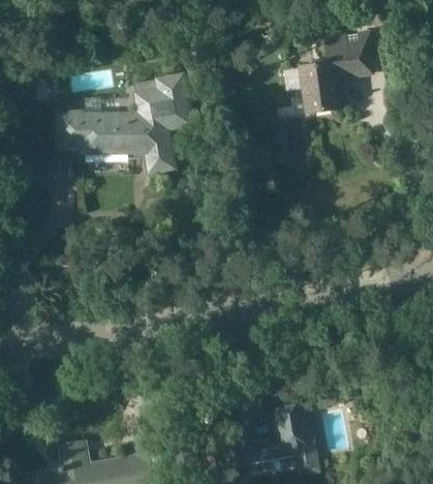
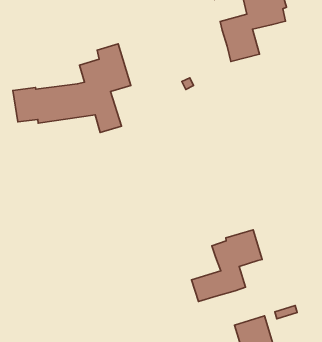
building: none -> [191,230,262,302]

